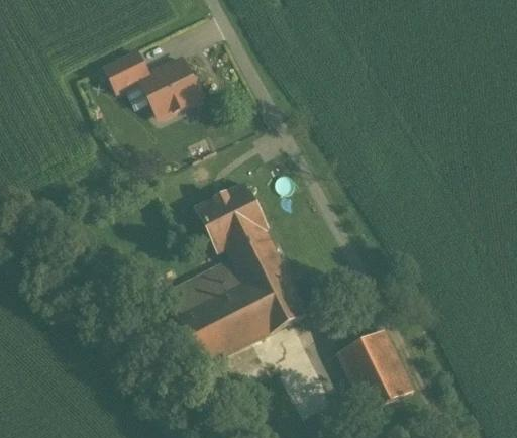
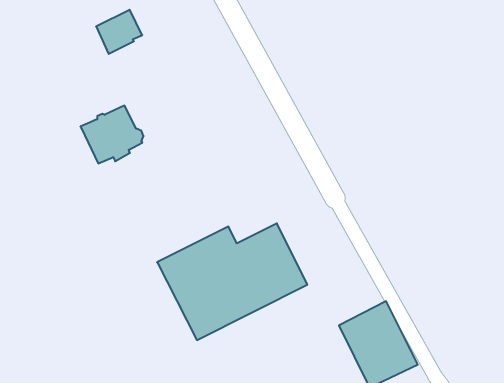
building: [139,58,200,113] -> [80,106,144,163]
building: [197,183,278,273] -> none

